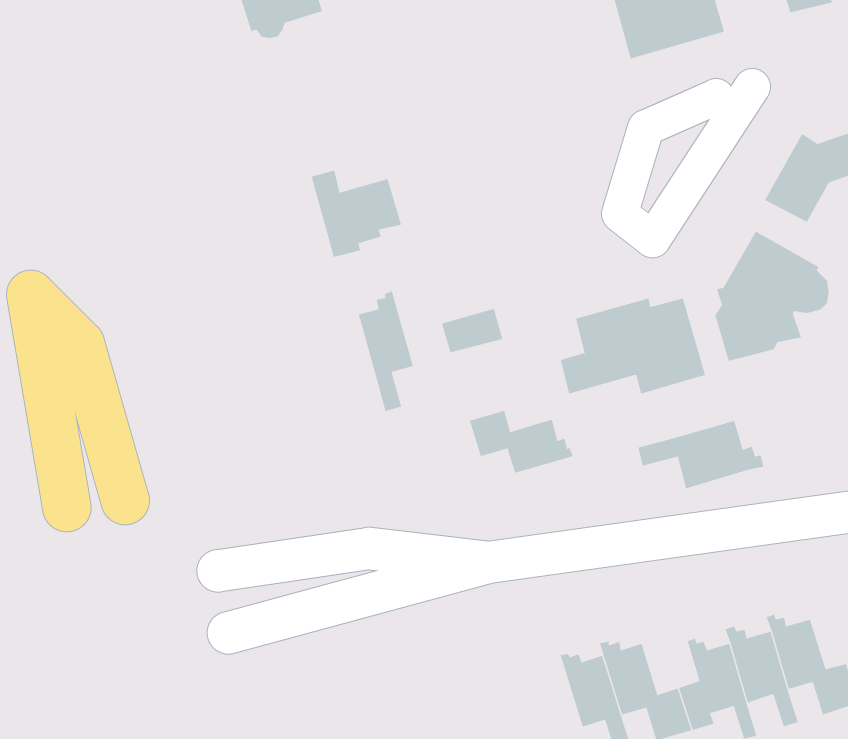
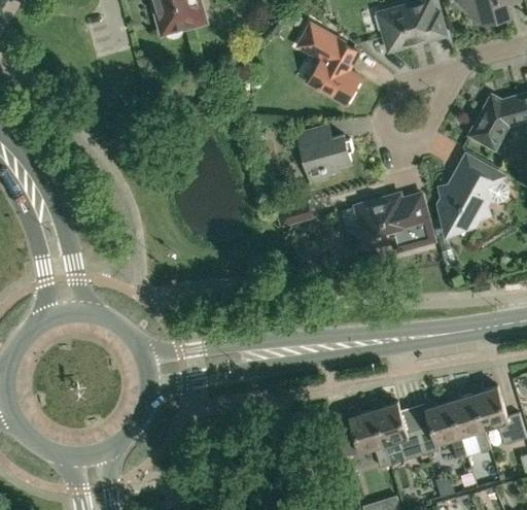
building: none -> [301,23,359,104]
building: [311,170,402,257] -> [296,130,351,182]
building: [358,290,414,412] -> none
building: [469,410,574,474] -> none
building: [638,420,764,489] -> none

